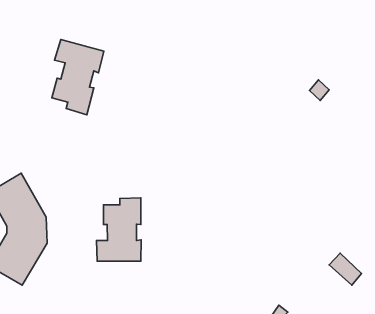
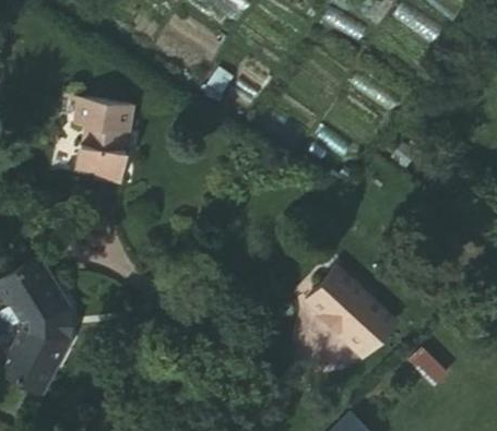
building: none -> [304,268,394,359]
building: [97,198,141,261] -> none

